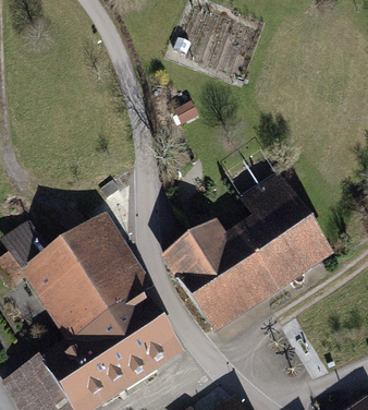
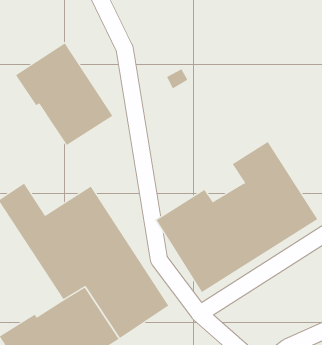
building: none -> [15,42,113,146]

